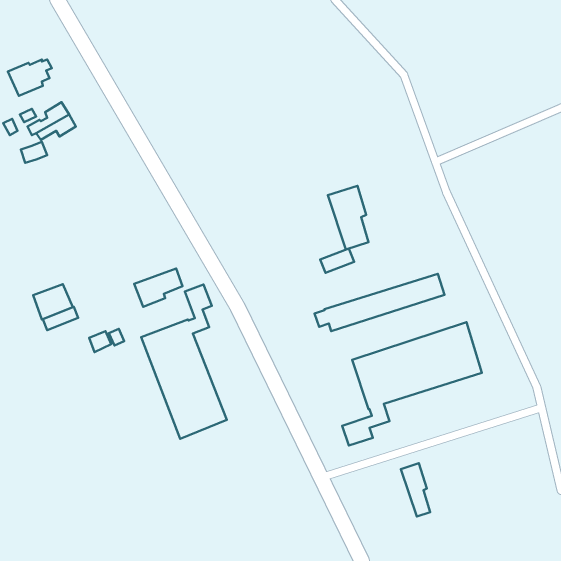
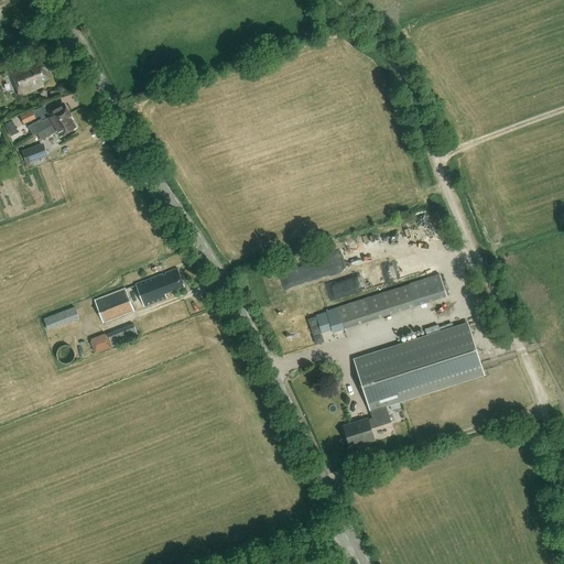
building: [328,186,368,250] -> none
building: [33,284,73,319] -> [94,289,133,324]
building: [141,285,227,439] -> none
building: [401,463,430,517] -> none

